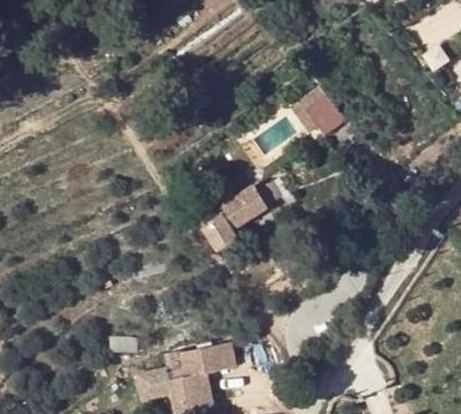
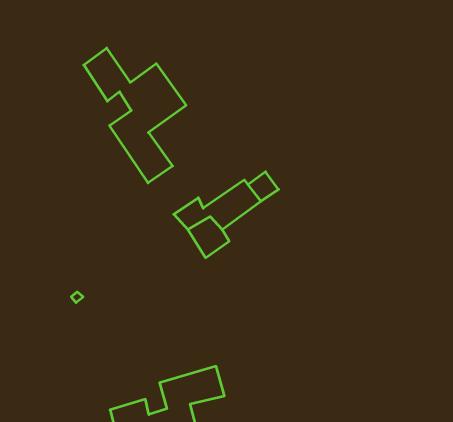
building: none -> [84,48,186,183]
building: [296,89,337,133] -> none

